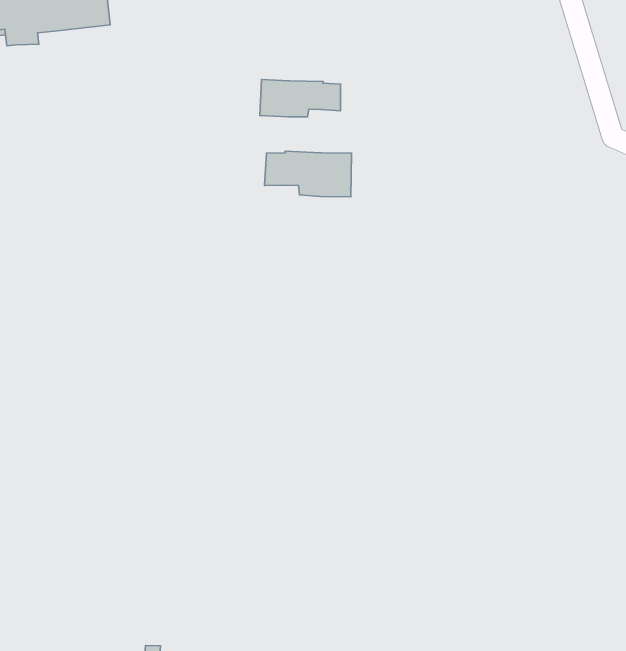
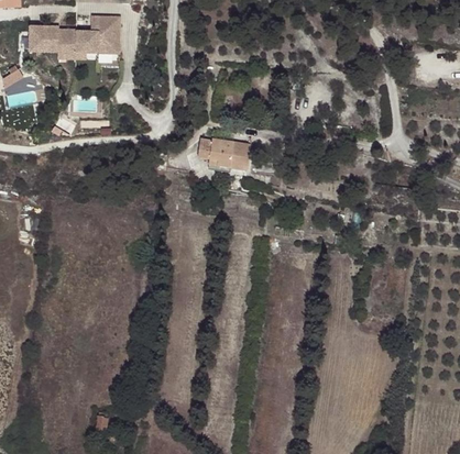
building: [260,80,341,117] -> none

